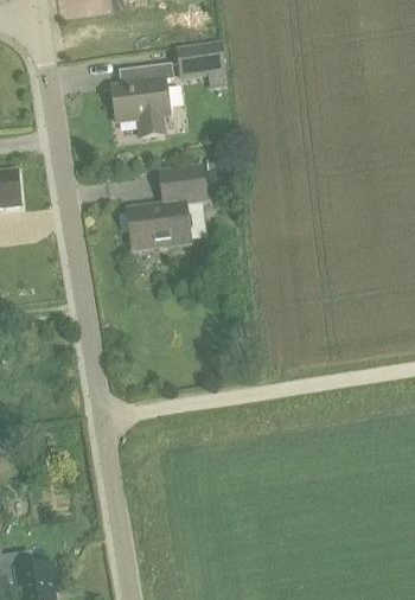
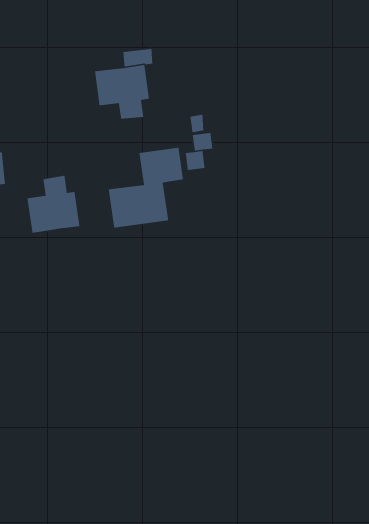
building: [175,42,225,88] -> none
building: none -> [27,175,80,234]

